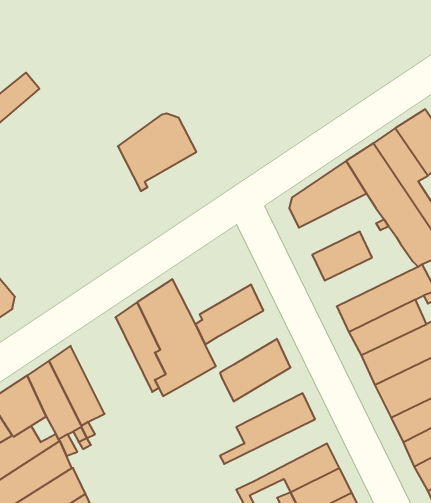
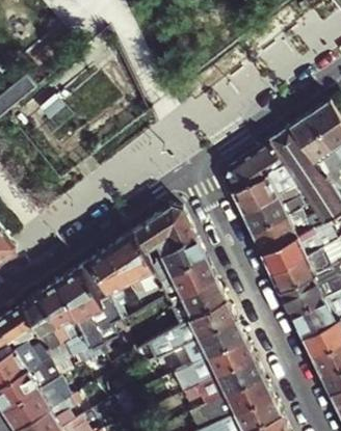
building: [118,114,196,191] -> [134,207,194,266]
building: none -> [231,166,290,213]
building: none -> [251,210,322,252]
building: none -> [169,255,214,297]
building: none -> [56,266,115,349]
building: none -> [157,299,234,354]
building: none -> [174,339,253,386]

